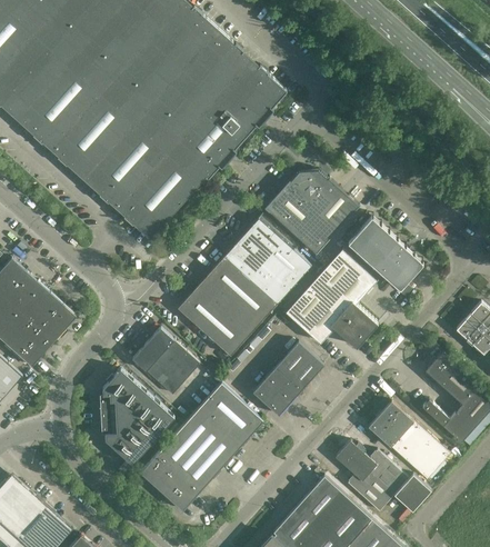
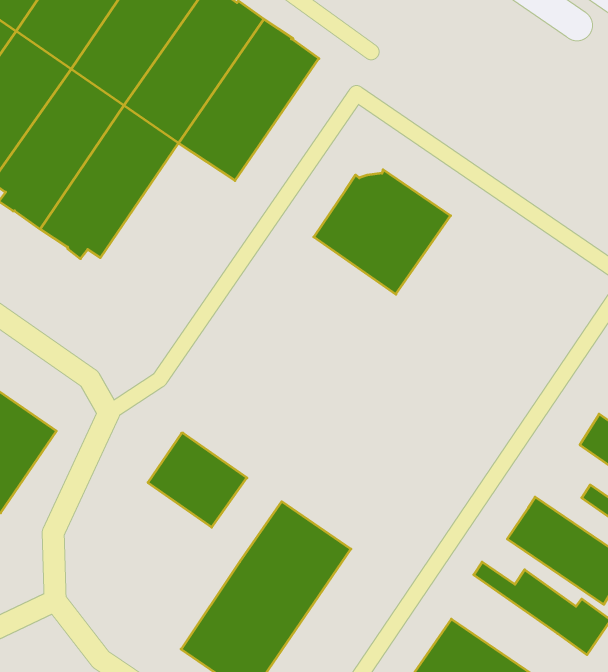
building: [120,133,217,237] -> none
building: [349,216,420,285] -> none
building: [177,218,310,355] -> none
building: [284,249,377,347] -> none
building: [252,341,323,415] -> none
building: [102,368,173,464] -> none
building: [334,448,393,511] -> none

